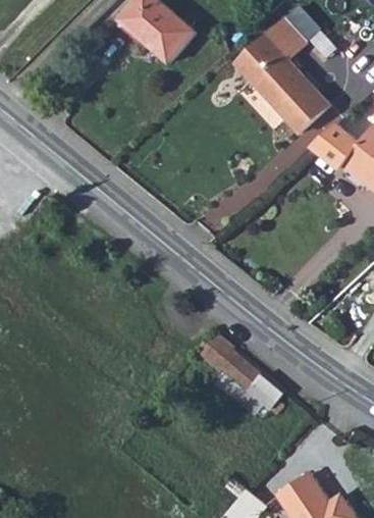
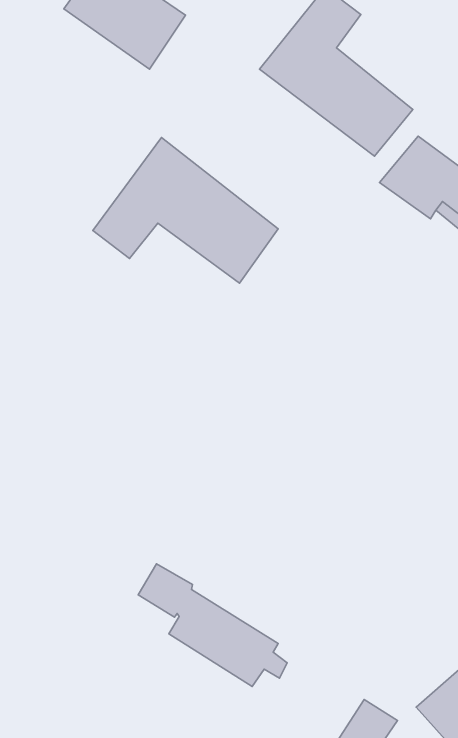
building: none -> [93,138,278,283]
building: [193,324,282,411] -> [138,564,287,687]

